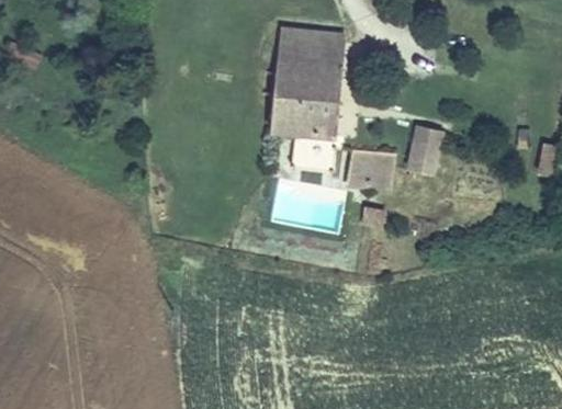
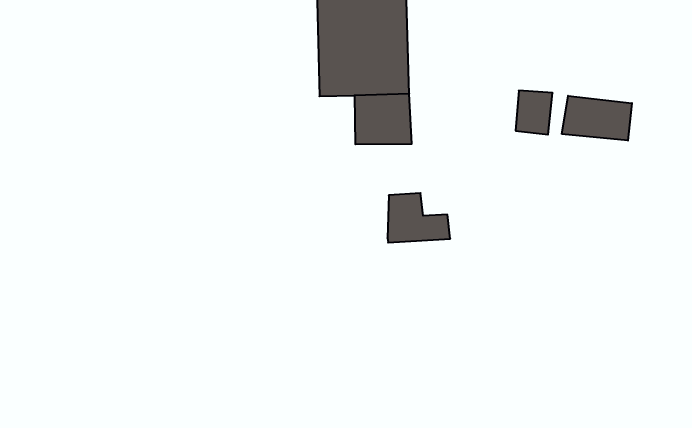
building: none -> [562,96,632,141]
building: [347,149,392,185] -> [387,193,450,243]

